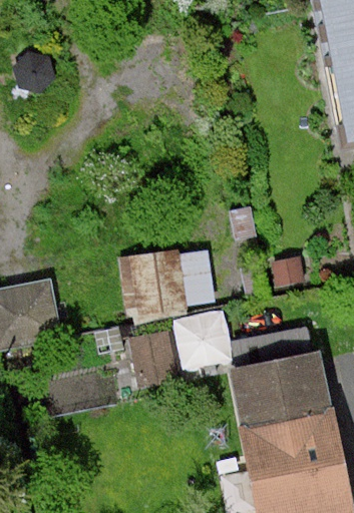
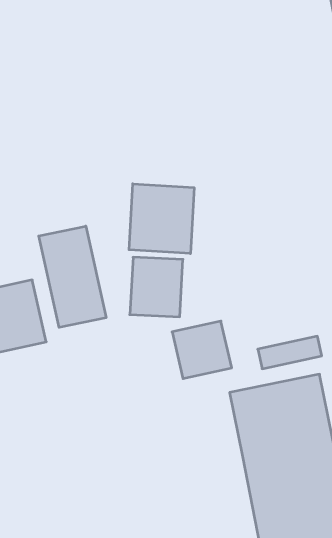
building: none -> [129,184,194,254]
building: none -> [39,226,106,327]

